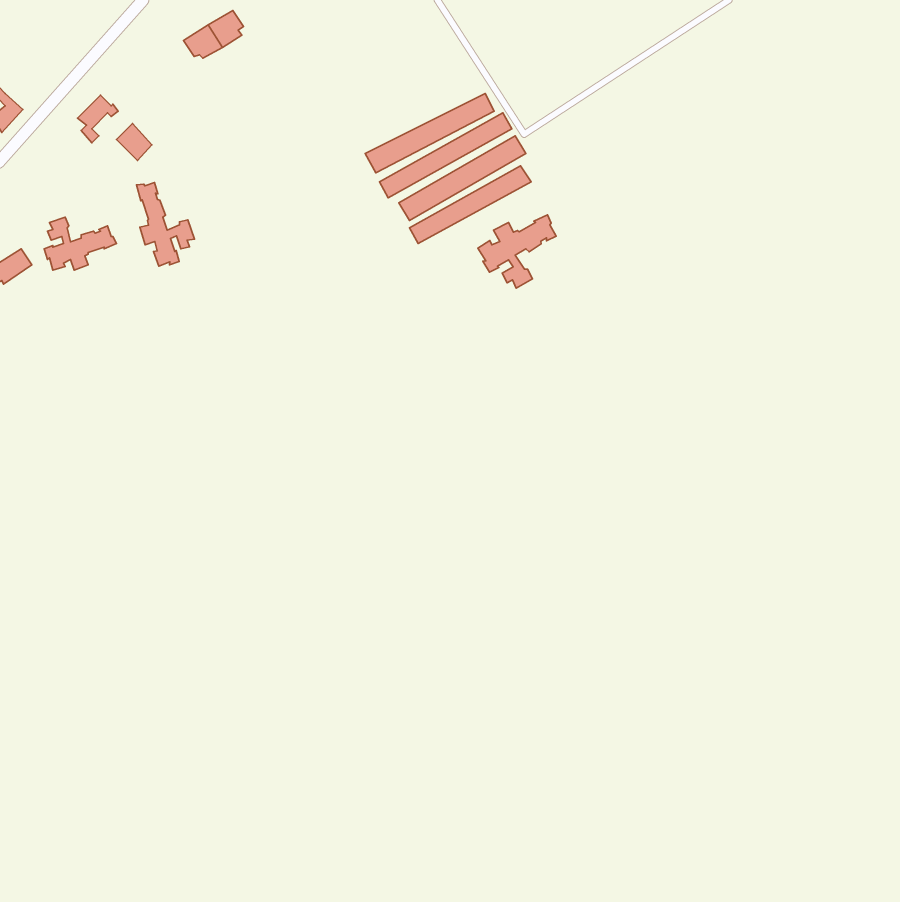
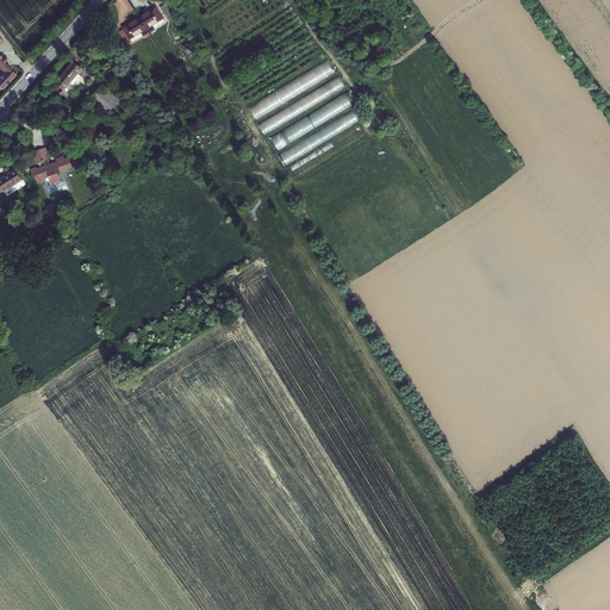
building: [137,183,194,266] -> none
building: [478,215,556,288] -> none

